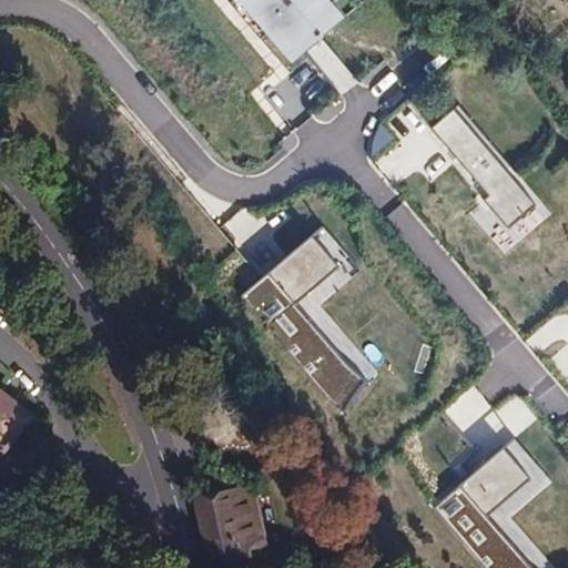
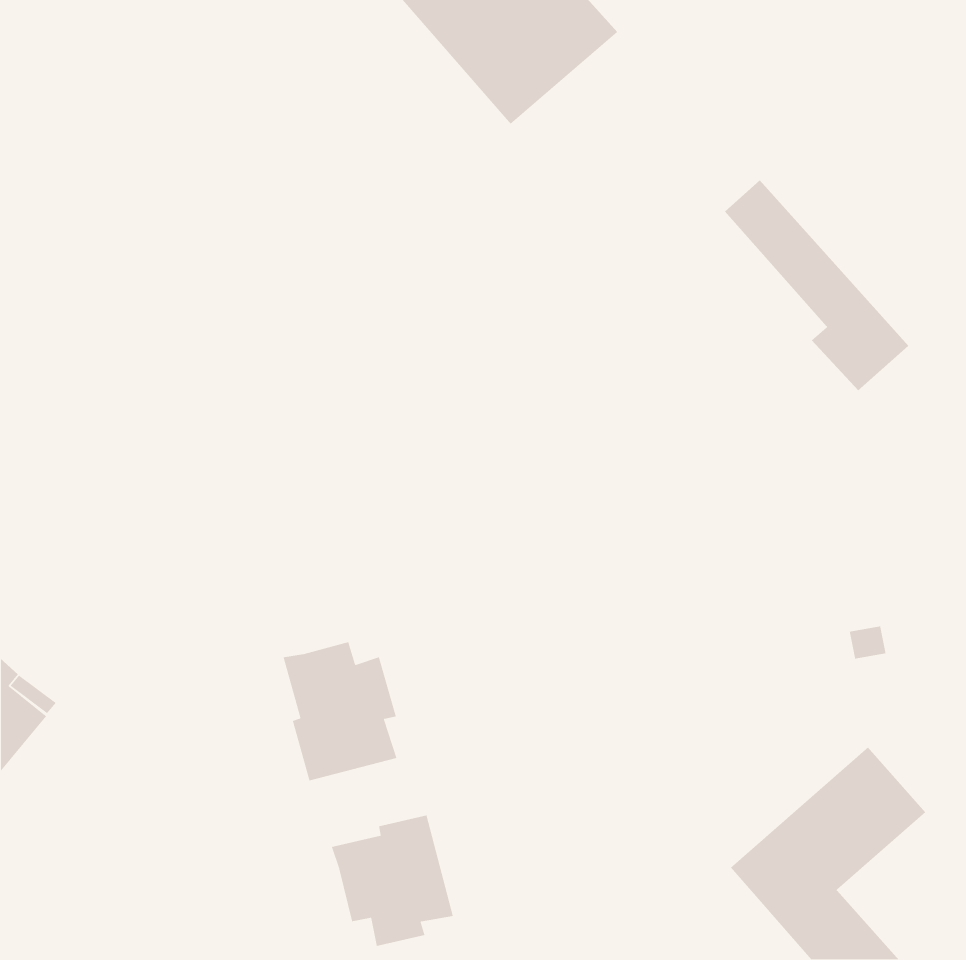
building: [247,230,384,407] -> none
building: none -> [283,641,397,781]

